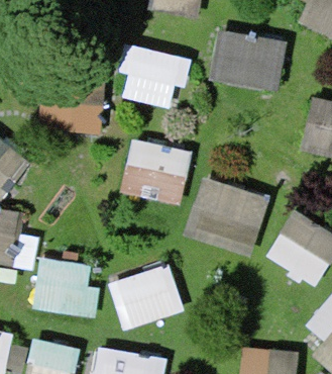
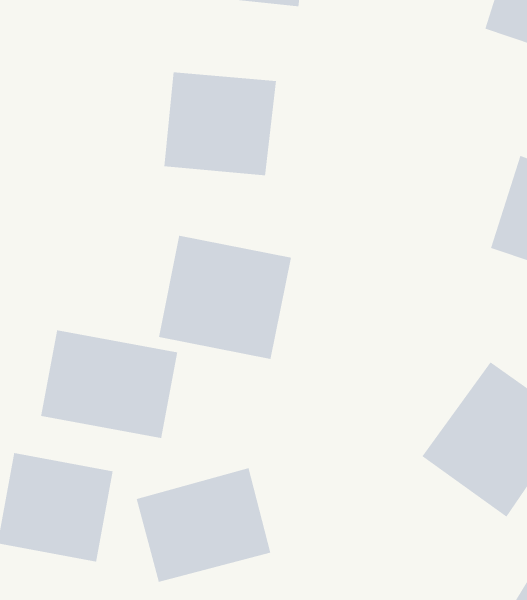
building: [209,28,285,92] -> none
building: [185,176,271,258] -> none
building: none -> [41,330,178,439]

